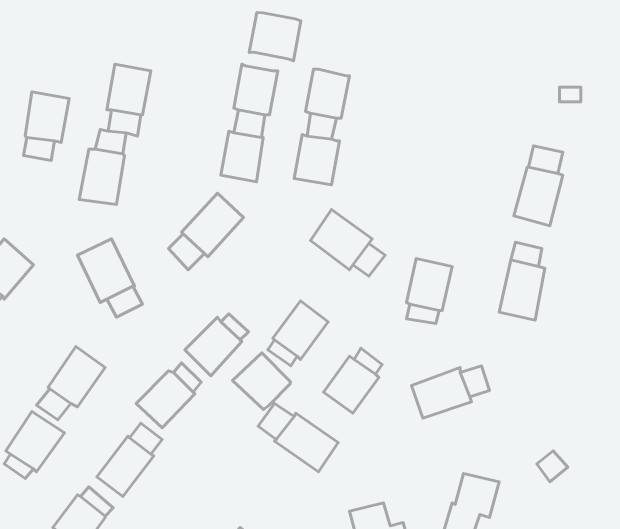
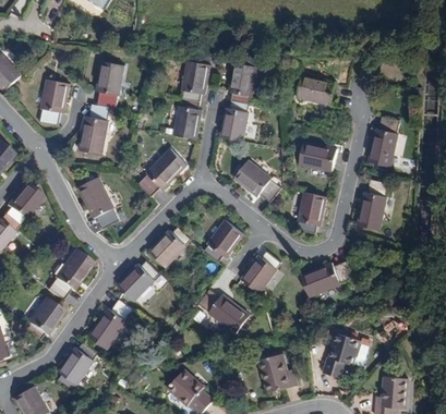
building: [249,12,301,61] -> none
building: none -> [299,77,333,107]
building: none -> [299,142,337,172]
building: [232,353,291,410] -> none

